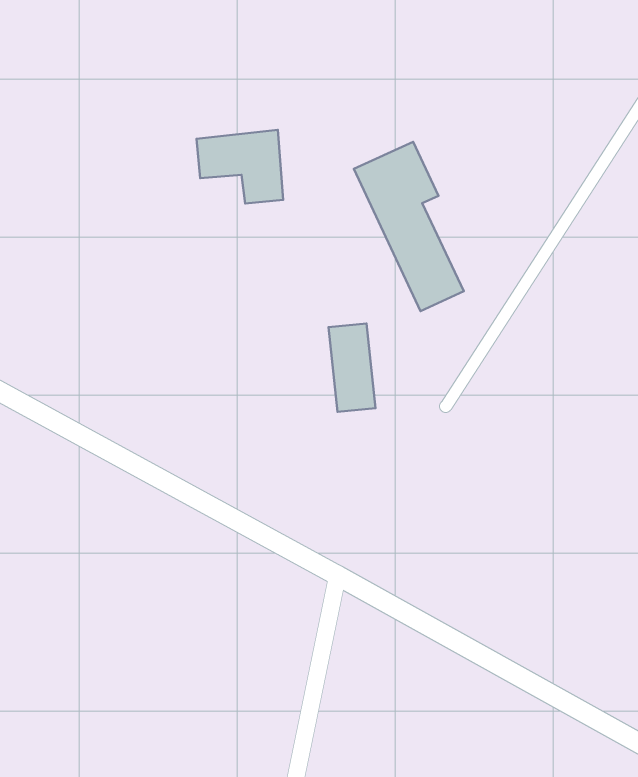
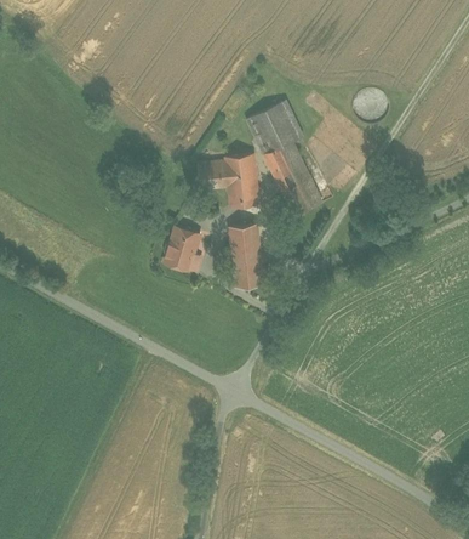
building: [197,130,283,204] -> [199,154,257,204]
building: none -> [166,226,207,271]

